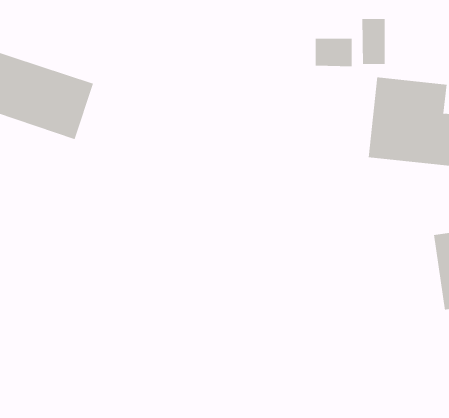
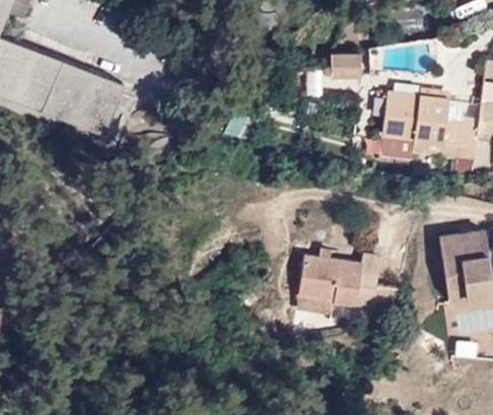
building: [362,18,385,65] -> none
building: none -> [297,250,398,317]

